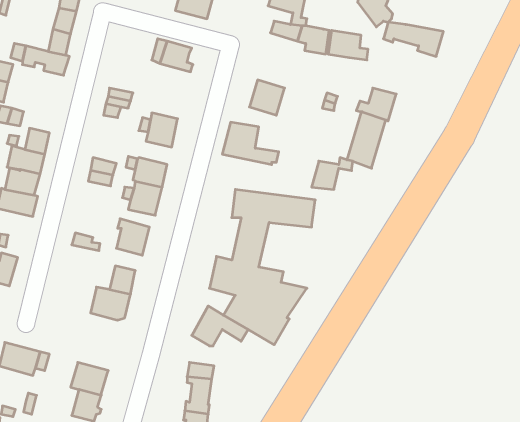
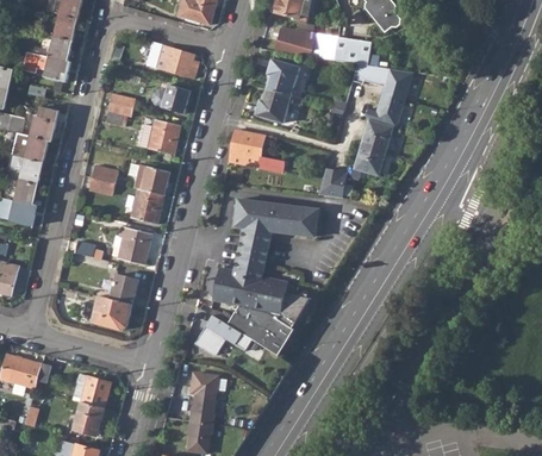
building: [383,22,443,56] -> [350,64,411,99]
building: none -> [262,60,298,95]
building: none -> [151,86,191,114]
building: none -> [31,105,62,142]

